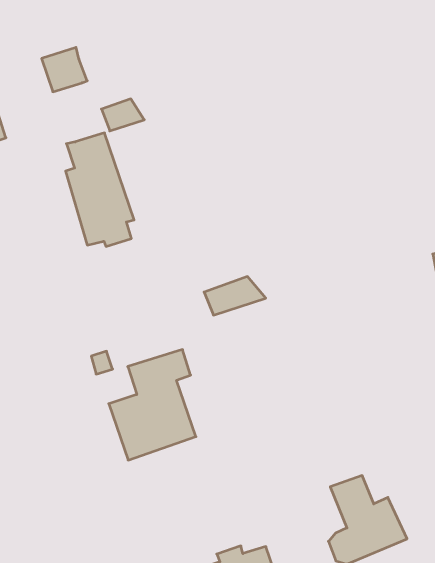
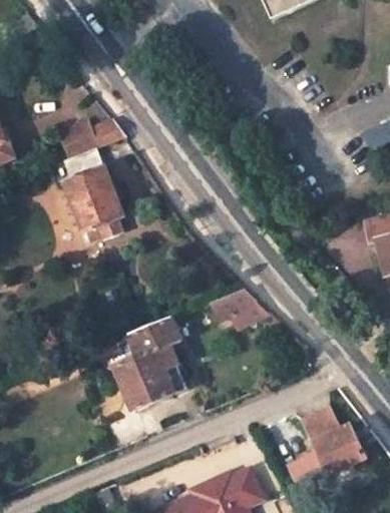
building: [42,47,87,92] -> [59,120,97,157]
building: [204,277,266,315] -> [210,287,260,320]

